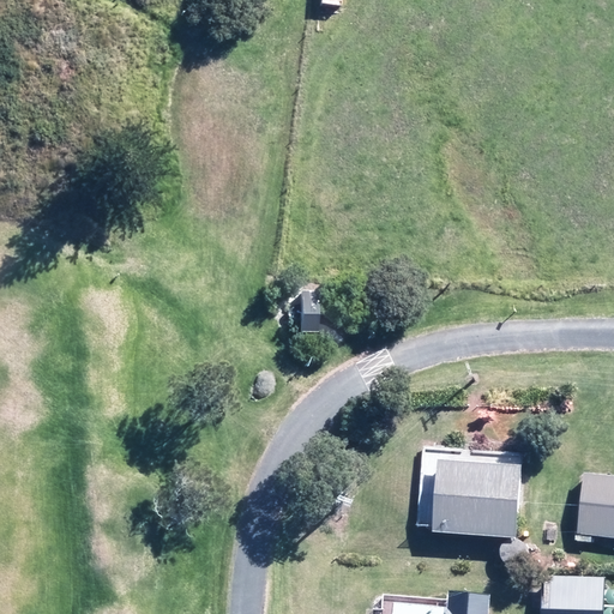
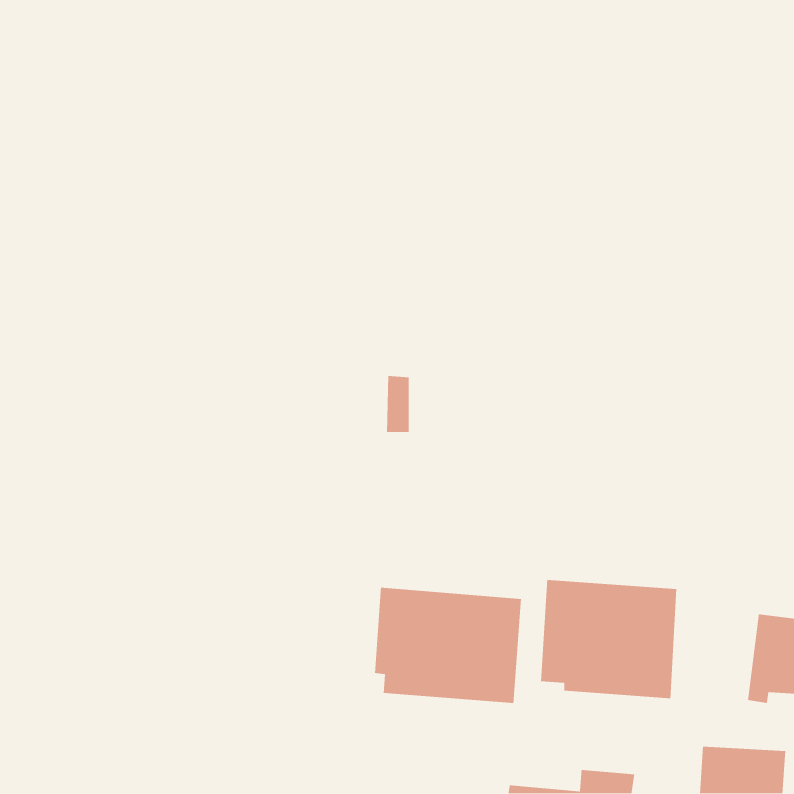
building: none -> [374,587,522,704]

